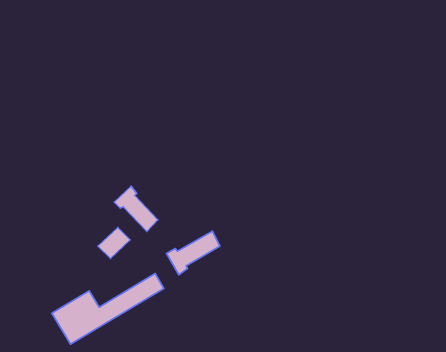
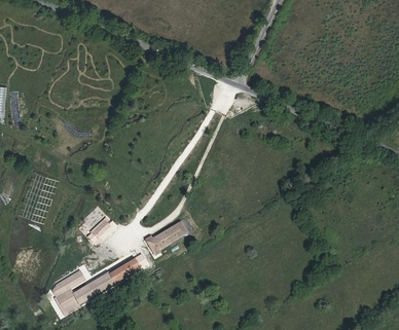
building: [114,186,158,231] -> none

